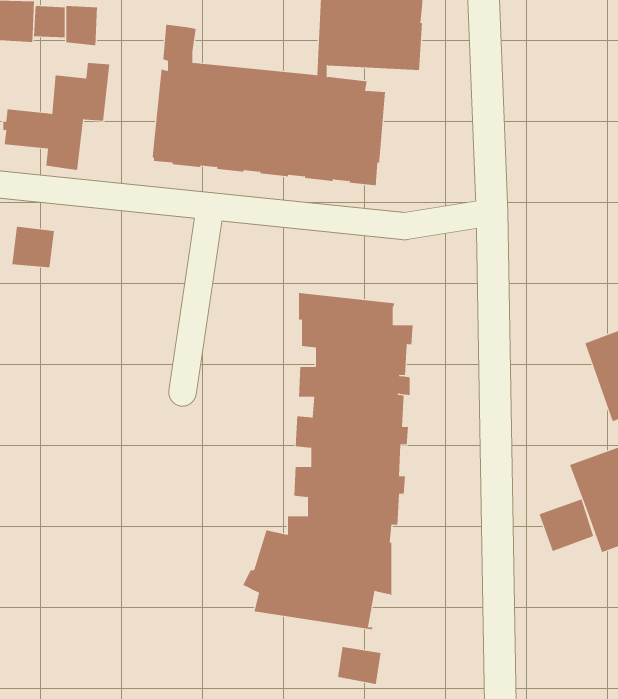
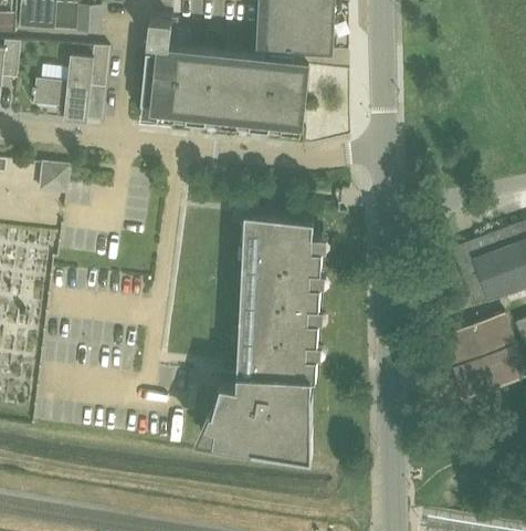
building: [539,498,594,552] -> none
building: [338,646,381,685] -> none

